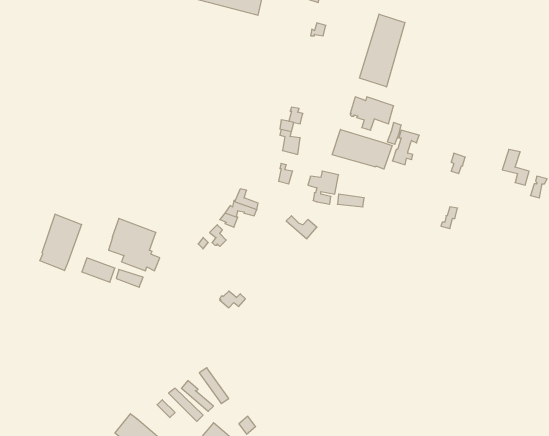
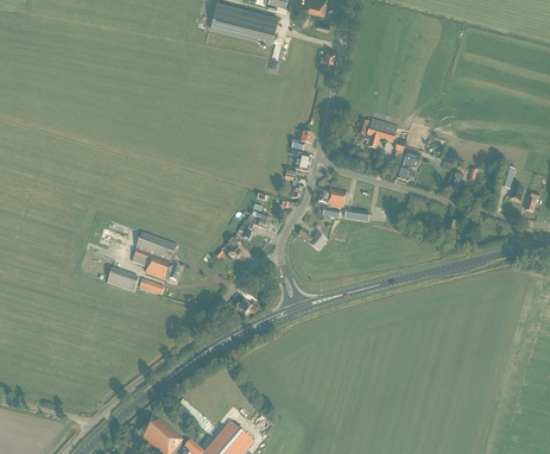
building: [359,14,405,87] -> none
building: [332,129,392,169] -> none
building: [40,214,82,271] -> none

